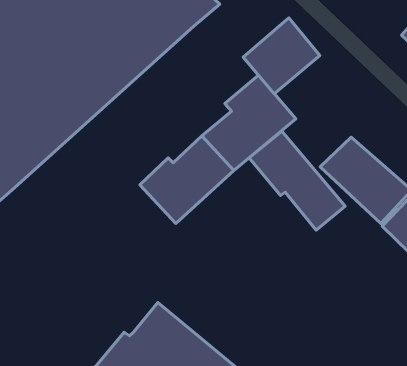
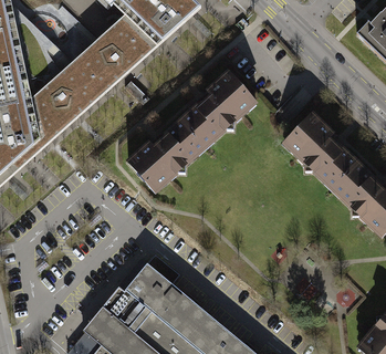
building: [243,18,320,94] -> none
building: [249,131,345,230] -> none

